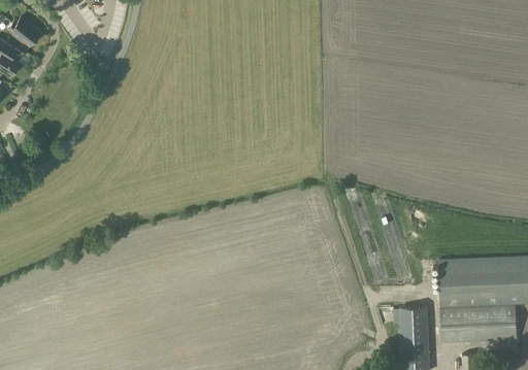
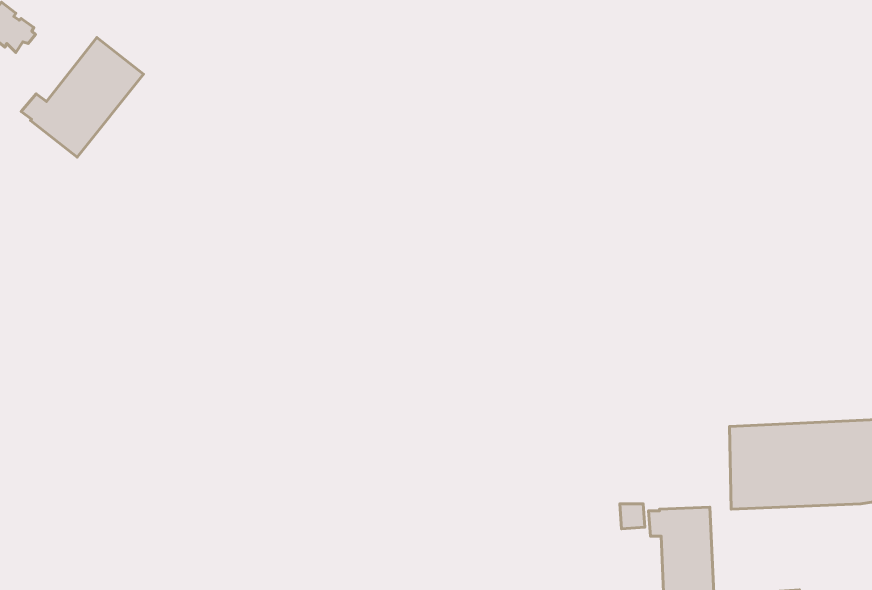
building: none -> [21,37,144,157]
building: [440,304,517,342] -> none

